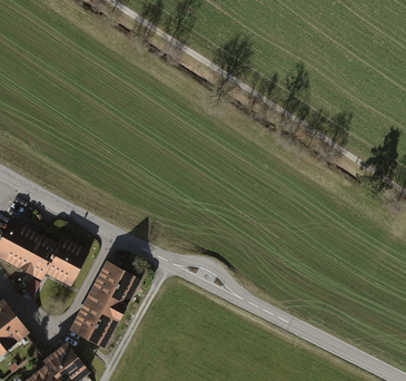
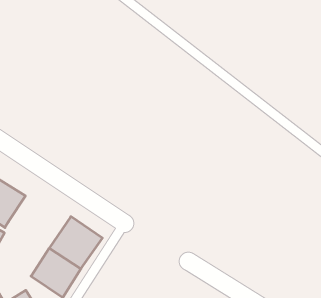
building: [41,236,88,286] -> none

